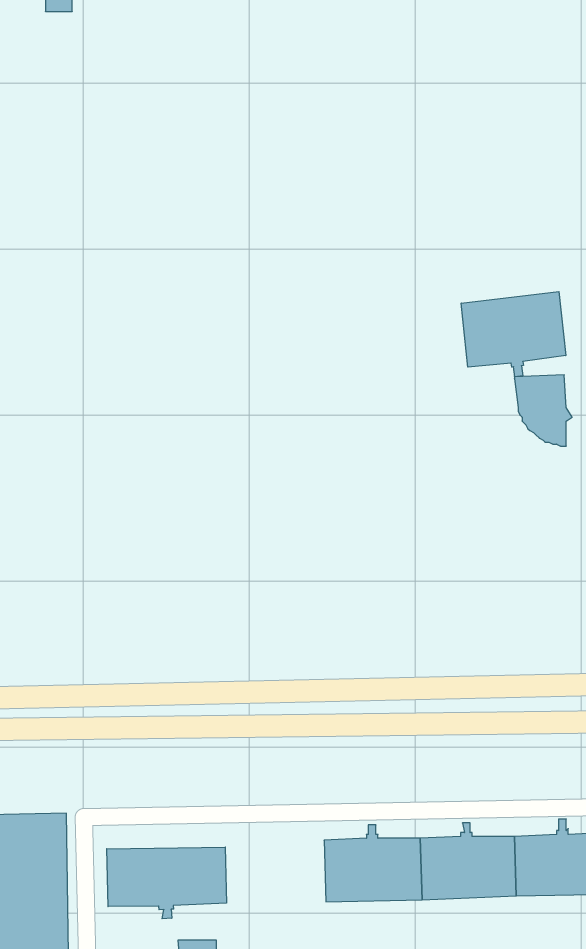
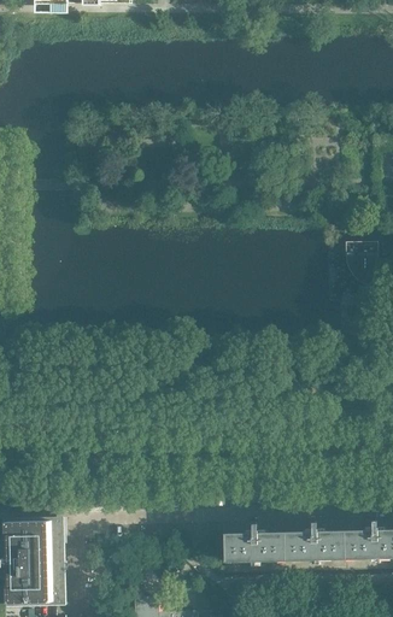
building: [461,292,566,377] -> none
building: [107,847,226,919] -> none

